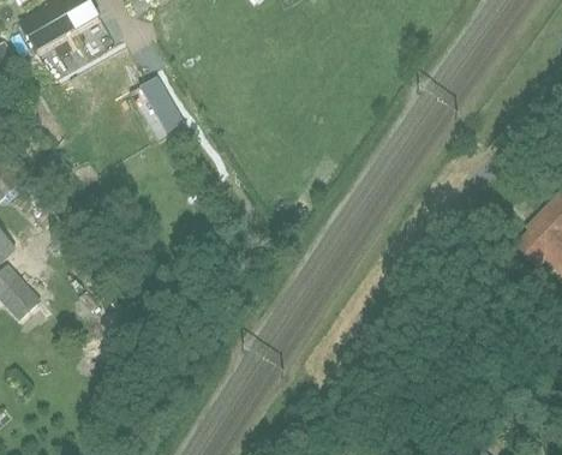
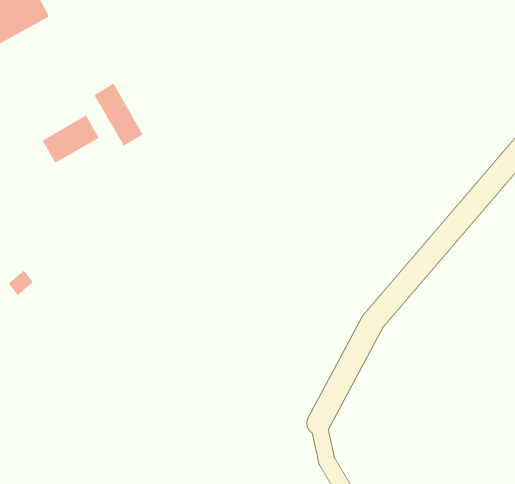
building: none -> [42,115,99,164]

